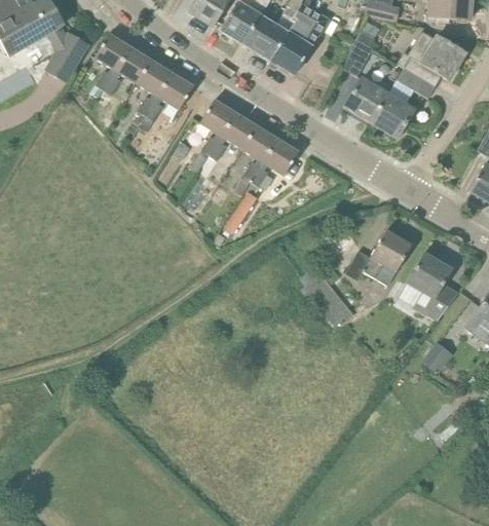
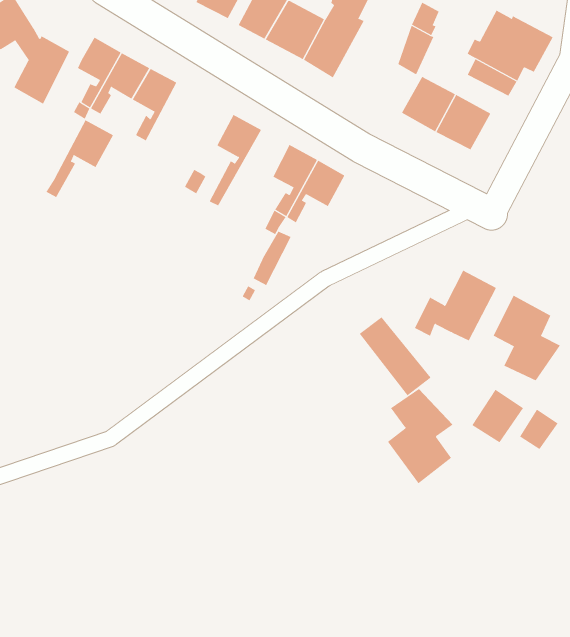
building: [139,72,194,132] -> [46,119,114,198]
building: [196,112,257,181] -> none
building: none -> [387,388,453,484]
building: none -> [471,389,524,443]

